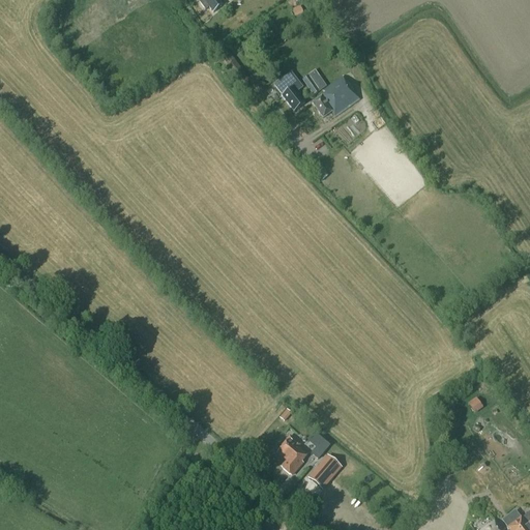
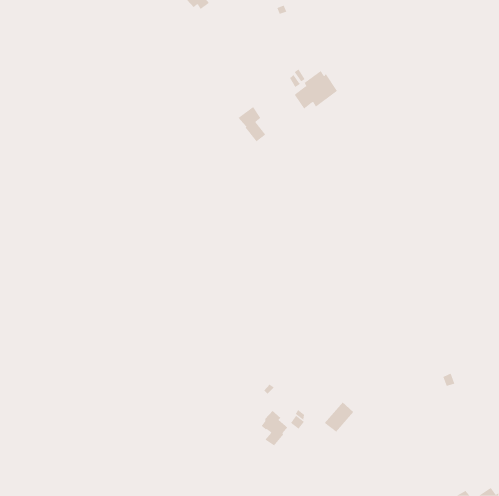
building: [274,70,304,109] -> [238,106,266,142]
building: [308,453,341,487] -> [324,401,354,433]

